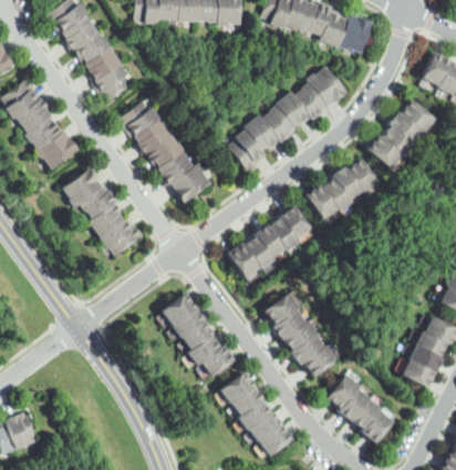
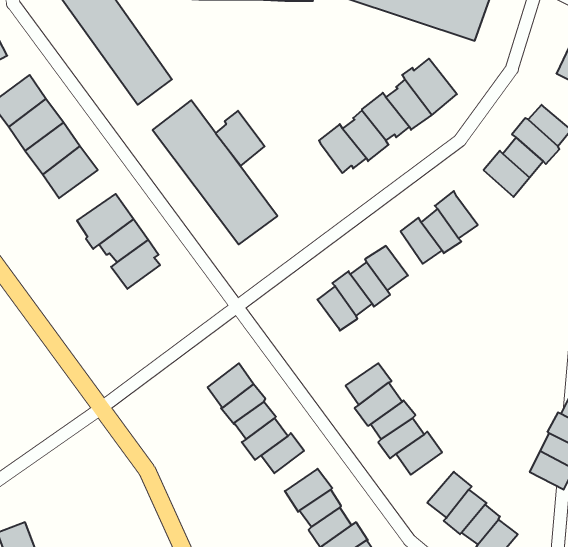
building: [229,130,266,171] -> [216,111,265,166]
building: [348,160,377,192] -> none
building: [101,219,142,255] -> none
building: [227,243,259,277] -> none

